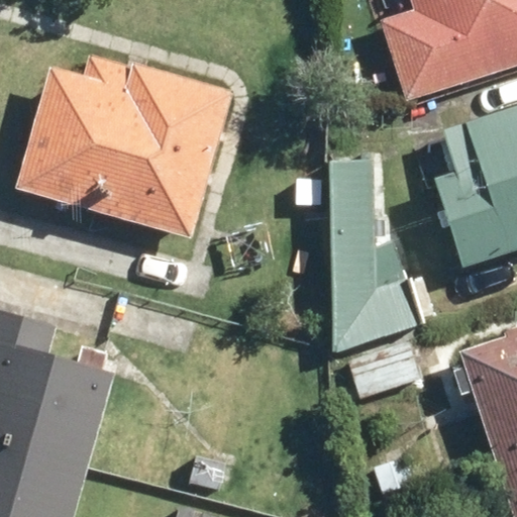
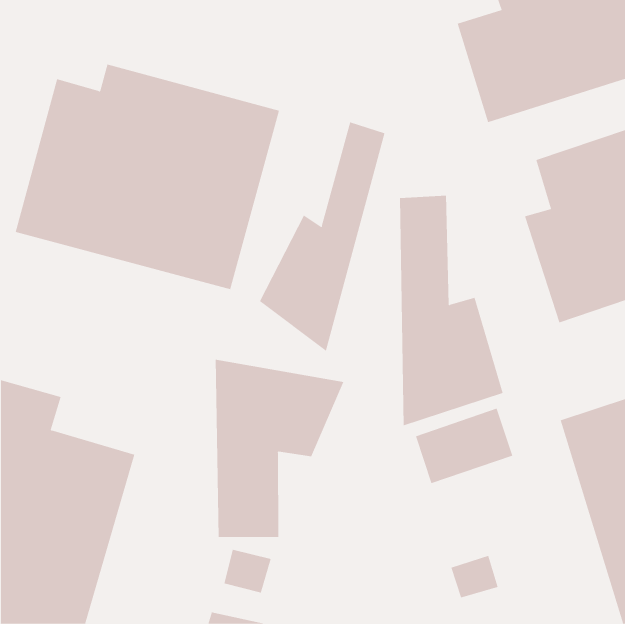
building: none -> [259,122,385,352]
building: none -> [215,359,344,538]

